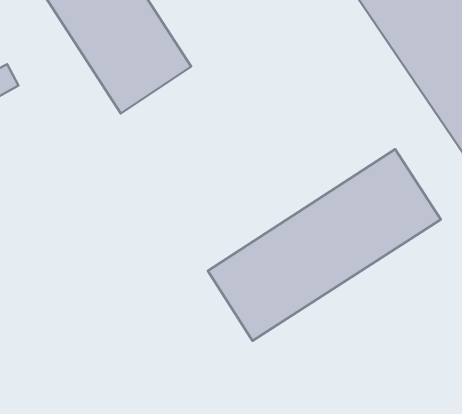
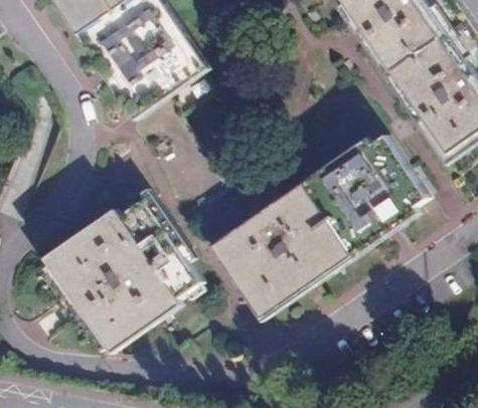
building: none -> [36,202,188,350]

